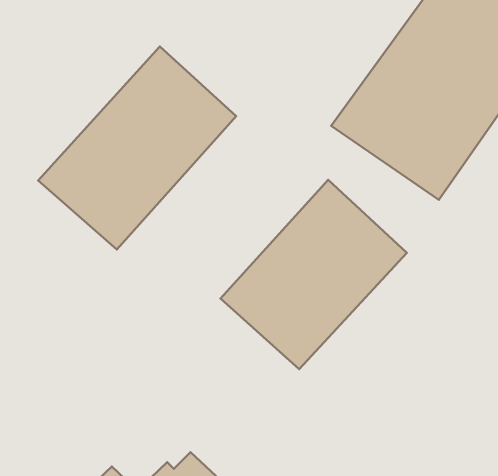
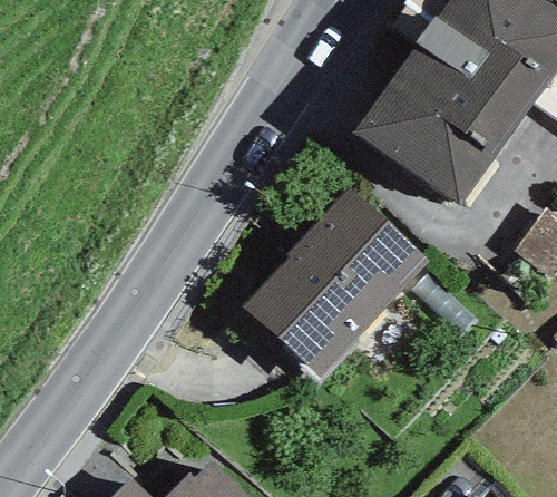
building: [38,47,236,250] -> none

